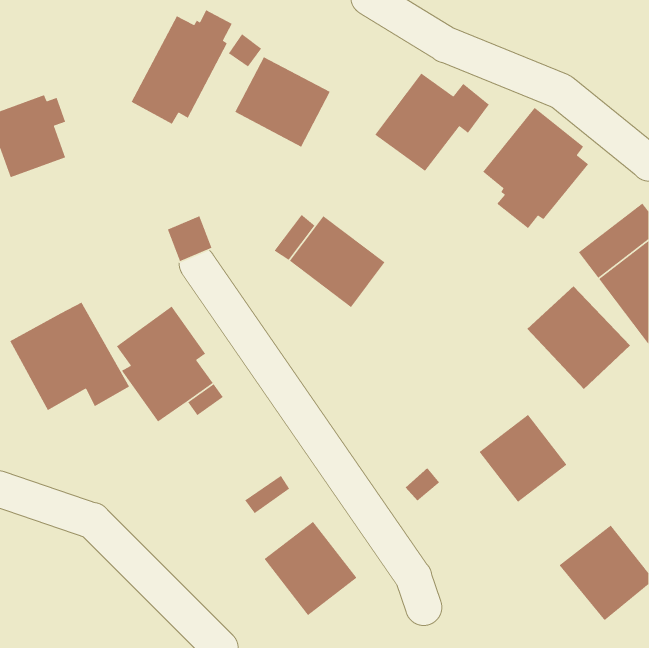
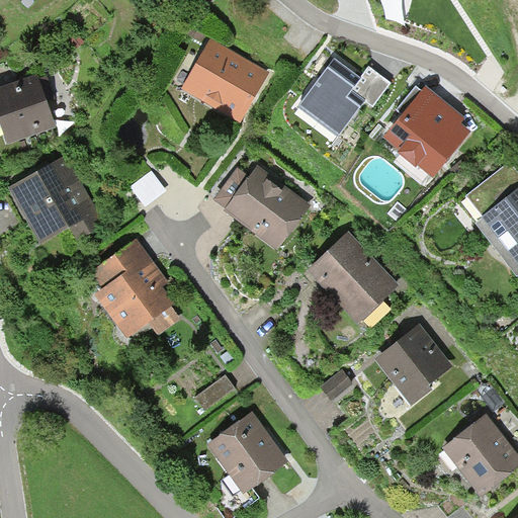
building: [130,9,233,125] -> none
building: [526,286,631,390] -> [312,237,395,320]
building: [9,302,130,411] -> [8,156,104,243]

